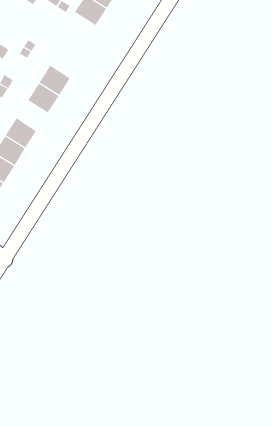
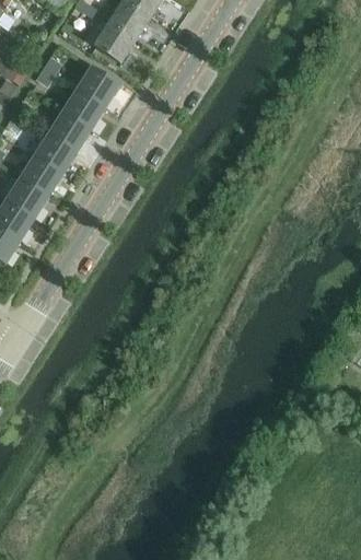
building: none -> [93,22,135,62]
building: none -> [77,67,118,106]
building: none -> [34,133,74,173]

